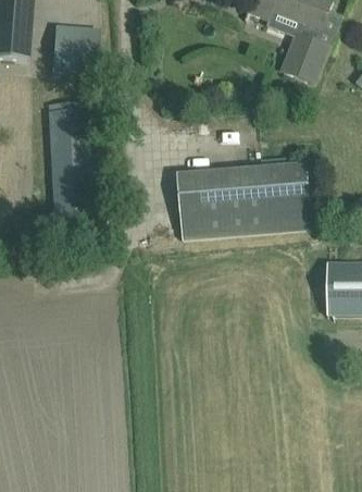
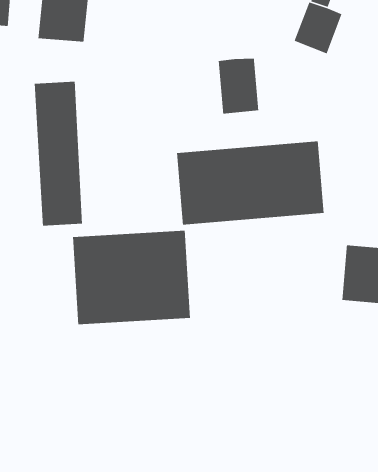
building: none -> [218,57,259,114]
building: none -> [72,230,191,325]

